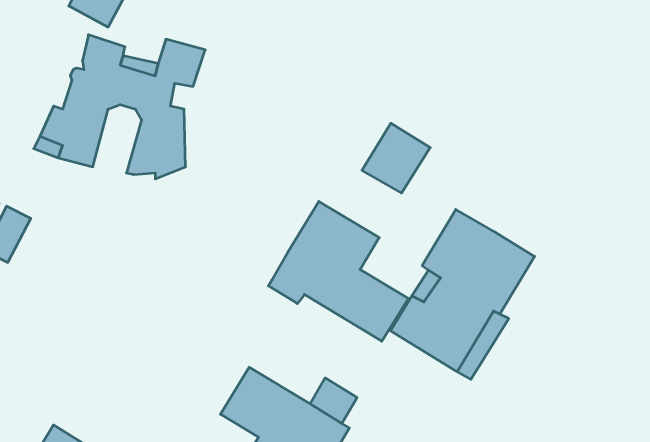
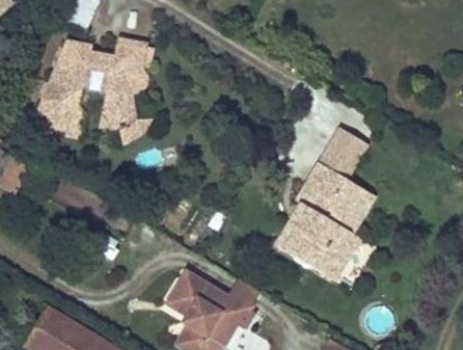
building: [362,123,430,193] -> [323,129,370,177]
building: [268,201,408,341] -> none

